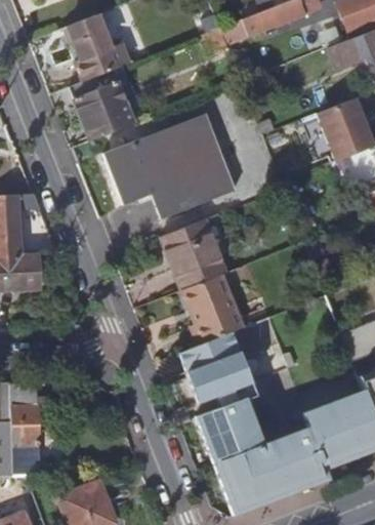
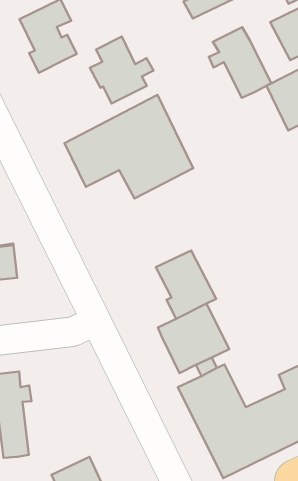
building: none -> [209,27,271,98]
building: [73,68,138,136] -> [90,36,153,104]
building: [168,219,230,290] -> none

